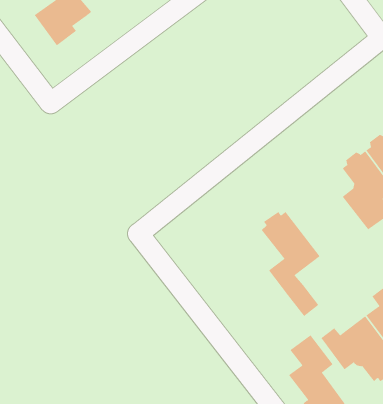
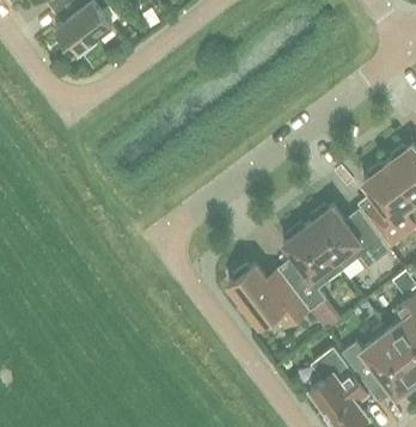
building: none -> [308,205,391,269]
building: none -> [228,263,310,328]

